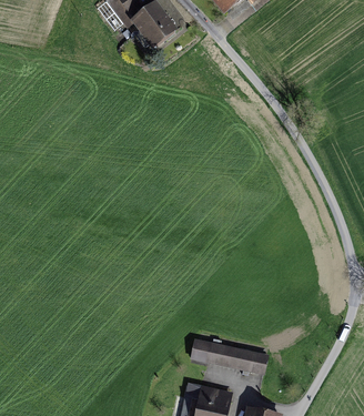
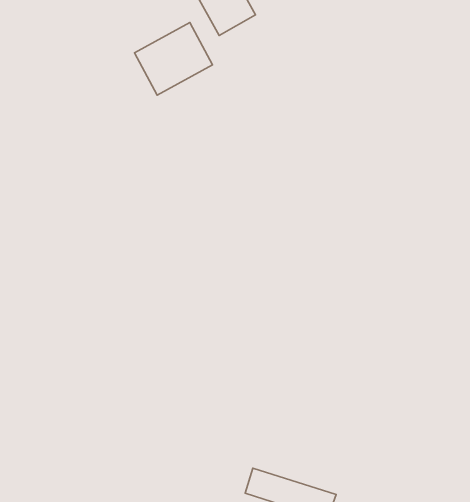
building: none -> [135,22,212,95]

